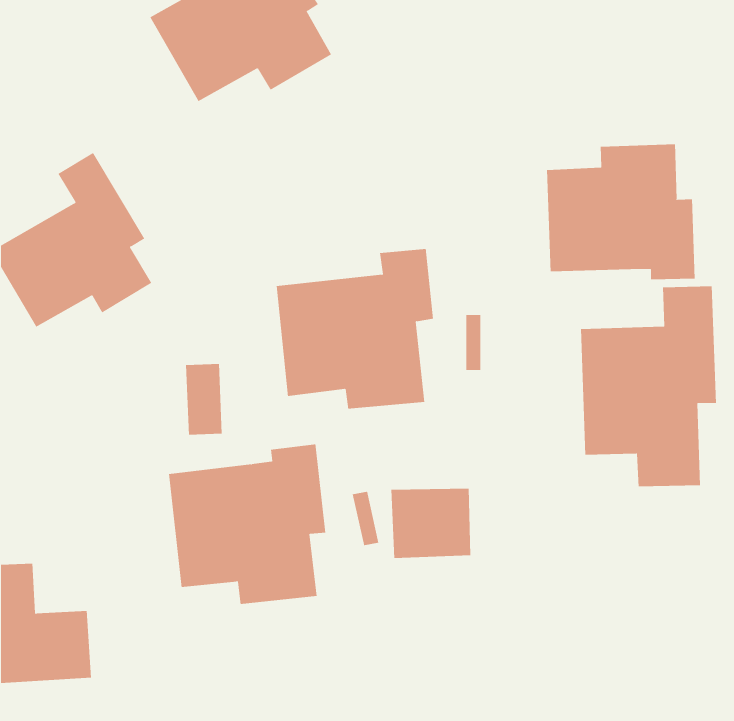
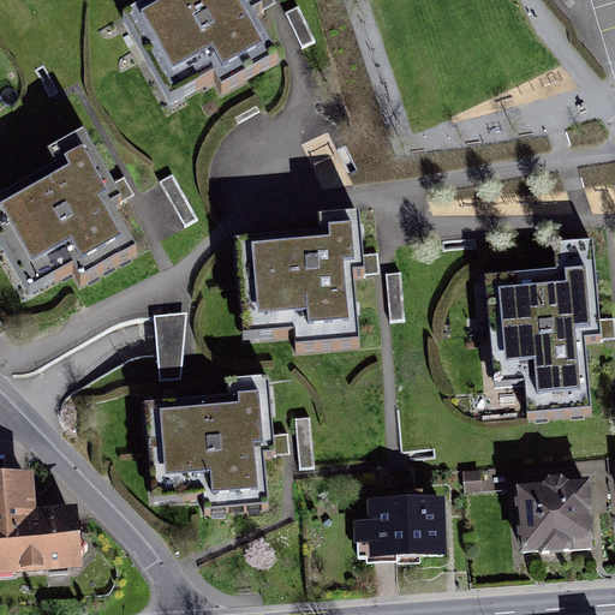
building: [547,143,695,280] -> none
building: [391,488,471,558] -> [371,494,438,553]
building: none -> [513,479,589,544]

